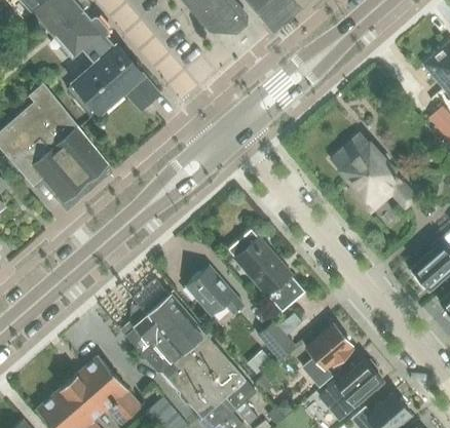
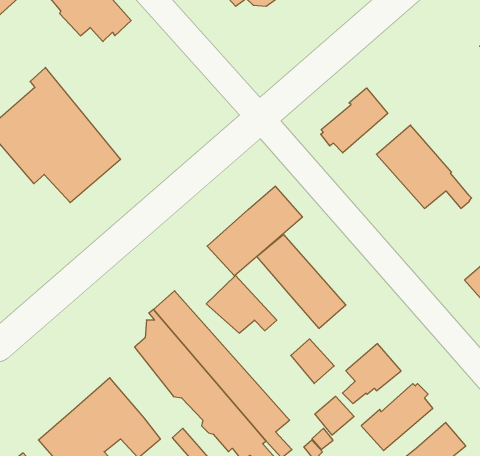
building: [69,43,162,112] -> none
building: none -> [321,88,388,153]
building: none -> [207,186,302,276]
building: none -> [315,396,354,435]

